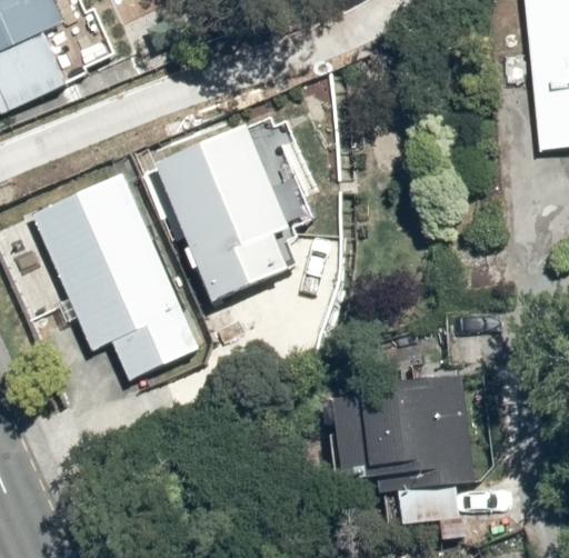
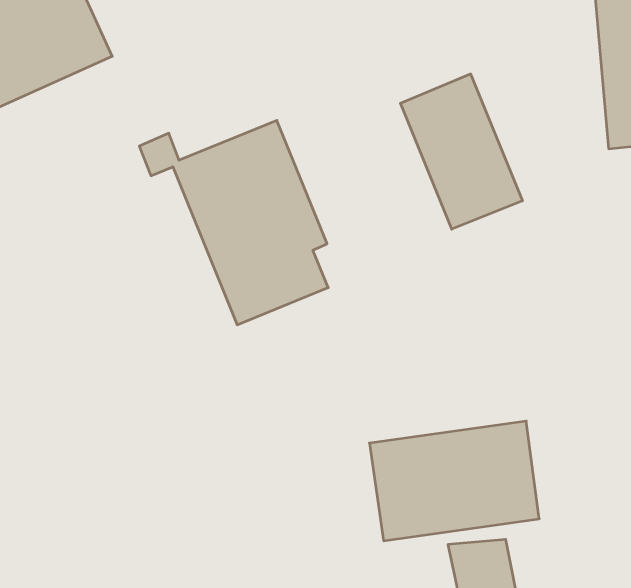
building: none -> [400,74,522,229]
building: [30,166,202,380] -> none

